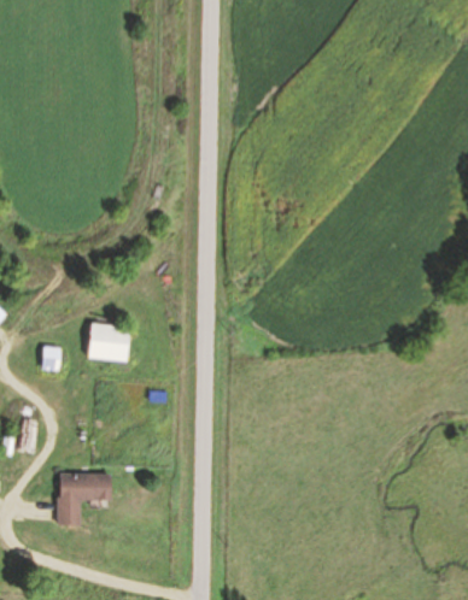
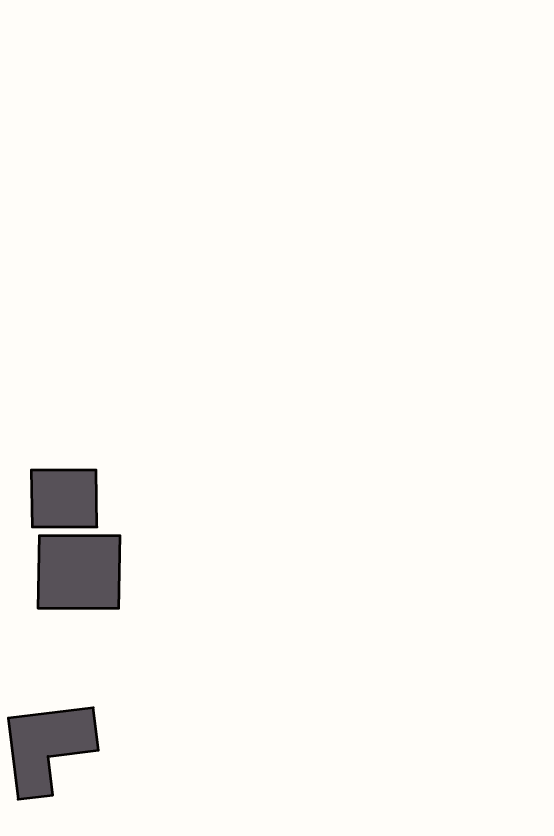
building: none -> [38,536,120,608]

